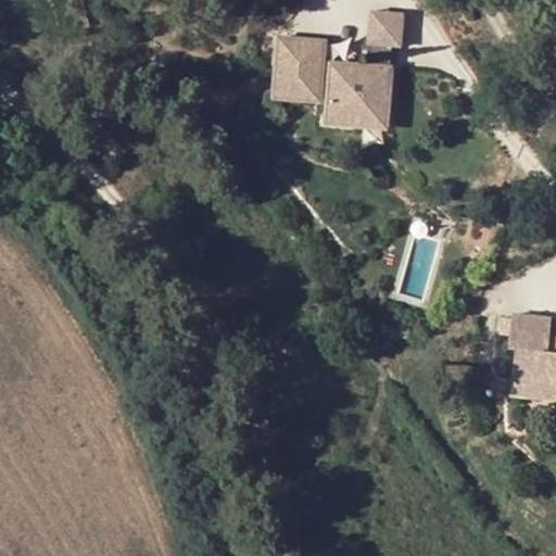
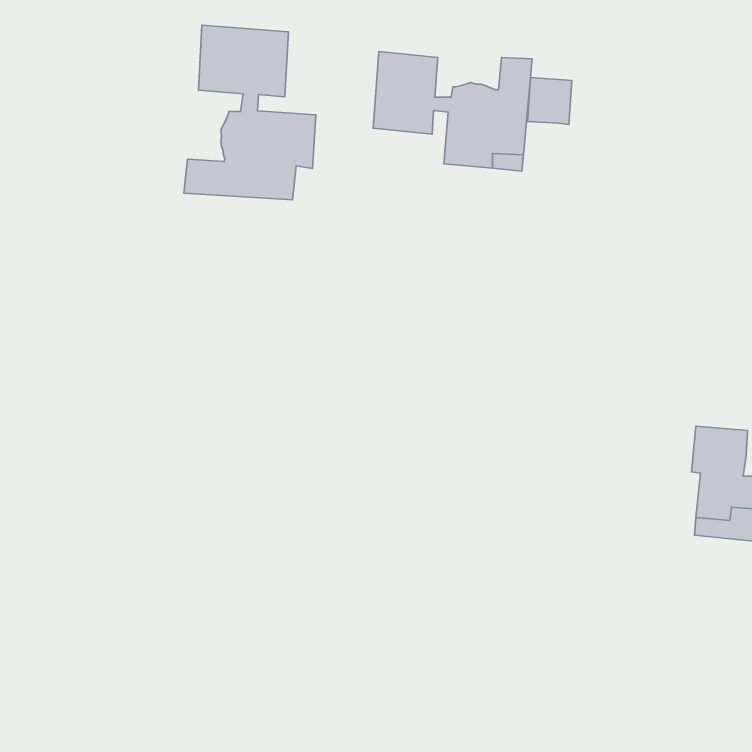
building: [370,10,403,45] -> [528,77,572,125]
building: none -> [184,25,316,200]

